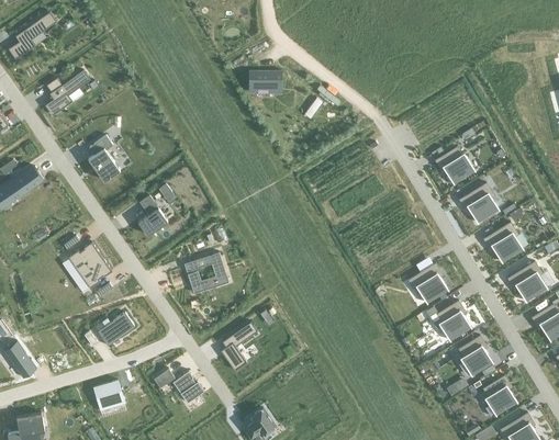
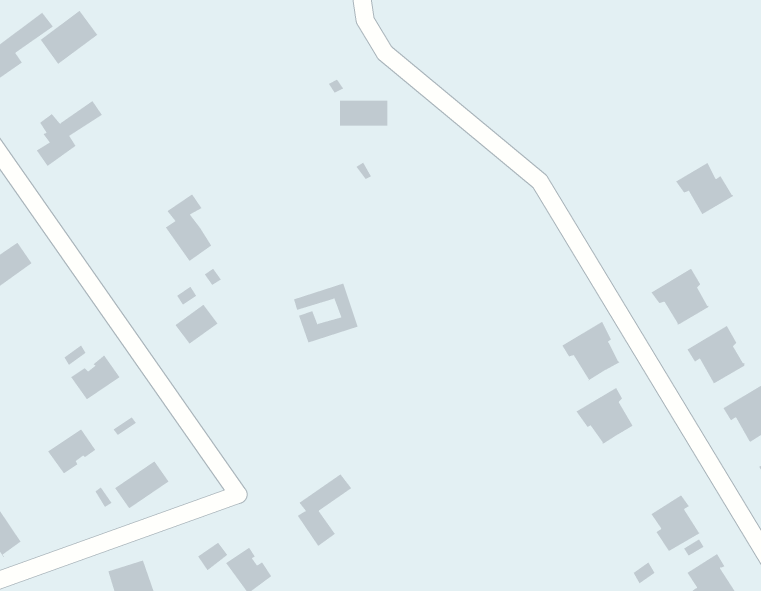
building: none -> [40,10,98,65]
building: [88,136,120,182] -> [165,193,212,262]
building: [435,148,474,184] -> [675,162,734,216]
building: none -> [562,321,621,382]
building: [185,253,228,294] -> [293,283,358,343]
building: [79,258,112,289] -> [47,429,96,474]
building: [437,302,471,341] -> none

